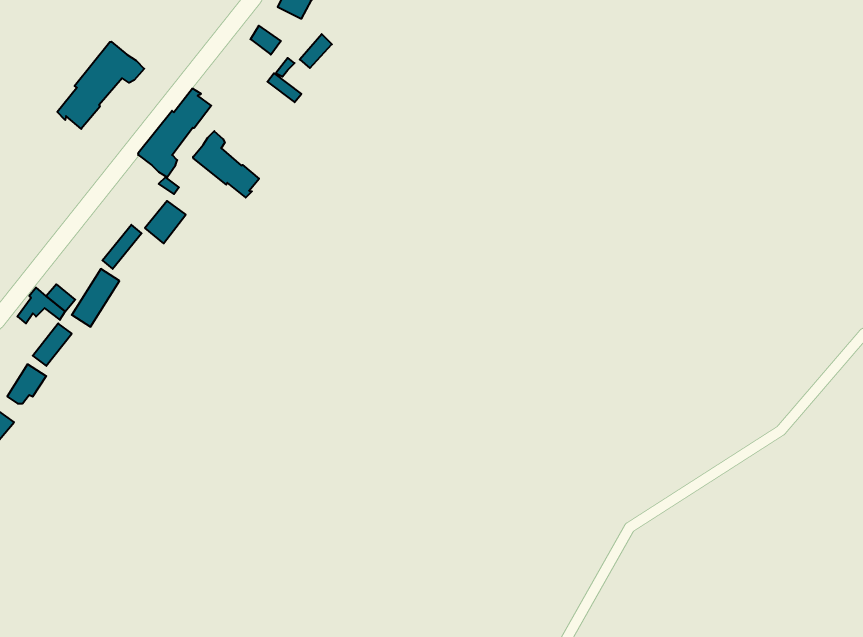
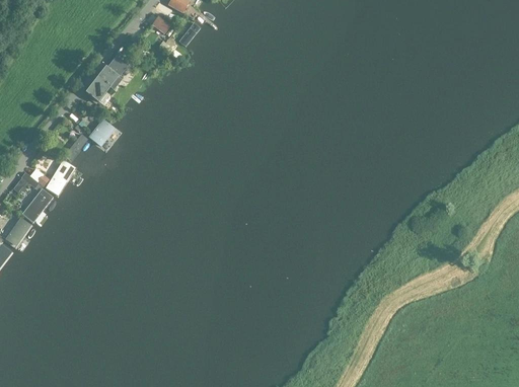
building: [57,42,144,129] -> none
building: [193,131,259,198] -> none

